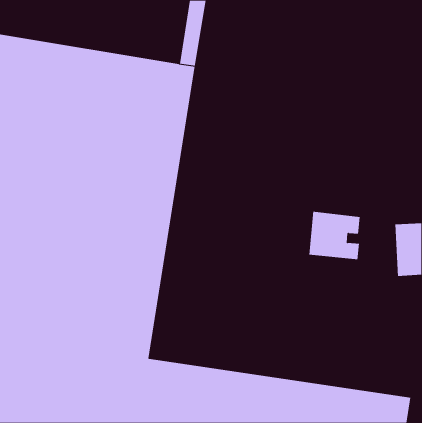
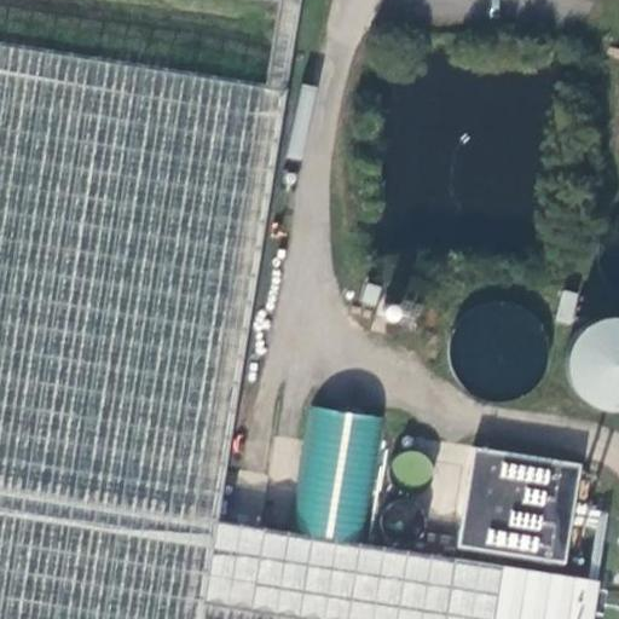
building: none -> [453,446,579,566]

